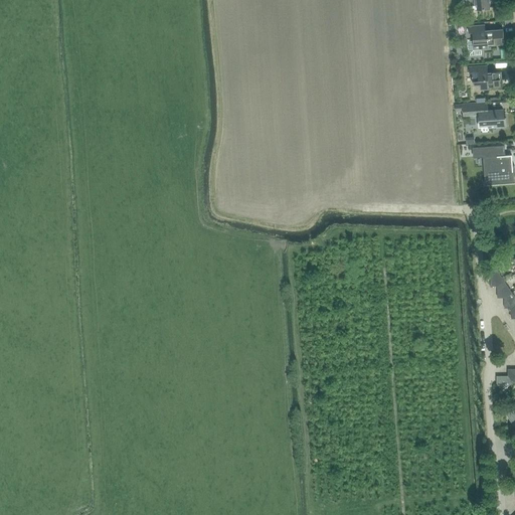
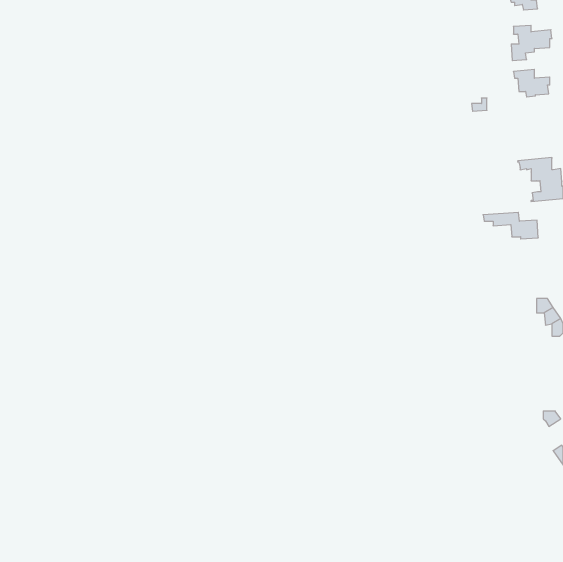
building: [455,102,505,126] -> [483,212,538,239]

